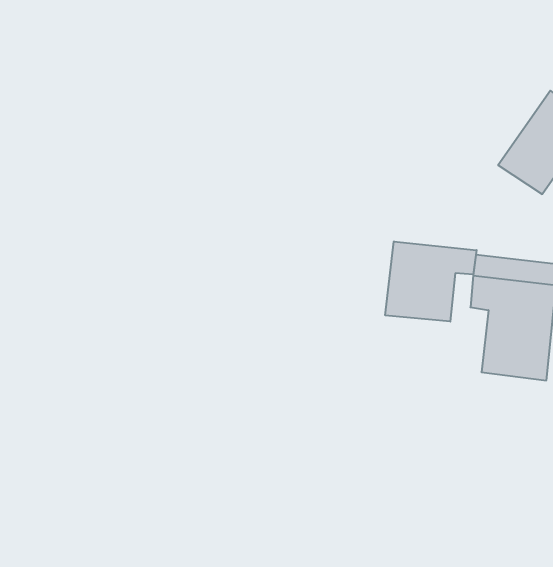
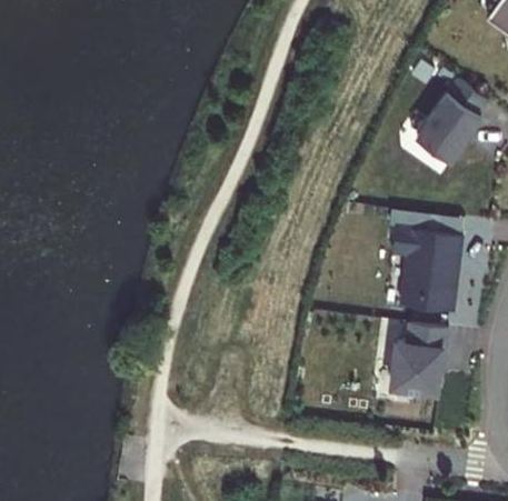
building: [385,241,477,322] -> none
building: none -> [391,324,448,394]

